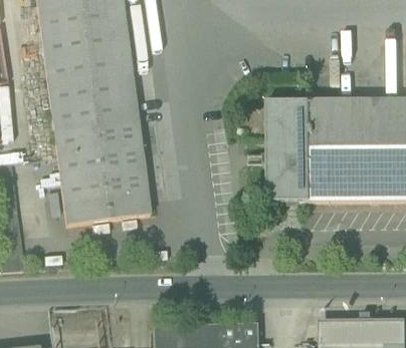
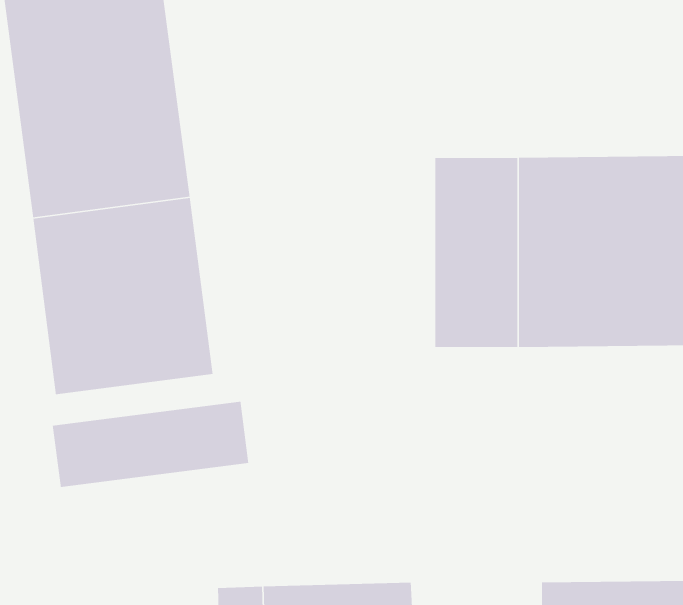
building: none -> [52,401,249,488]

